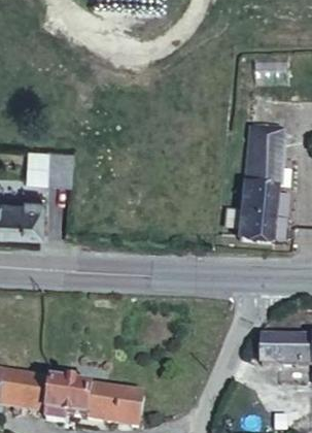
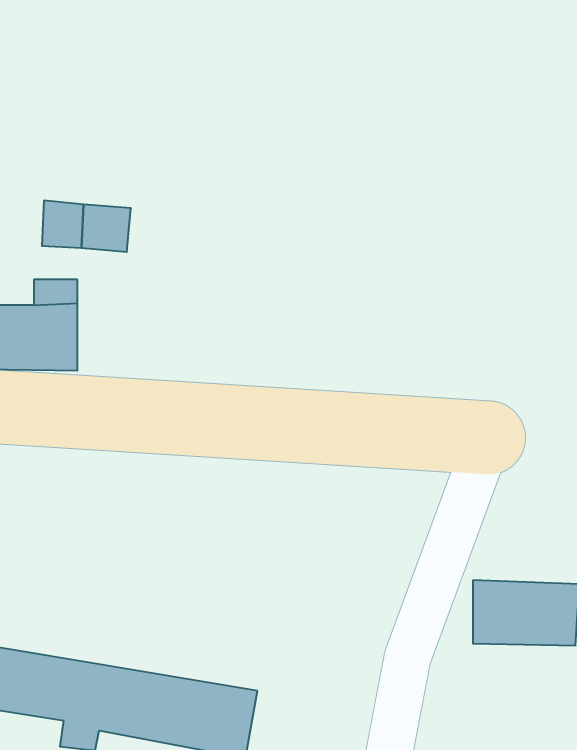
building: [246,118,288,228] -> none

